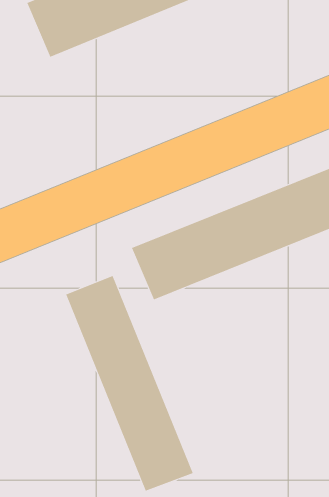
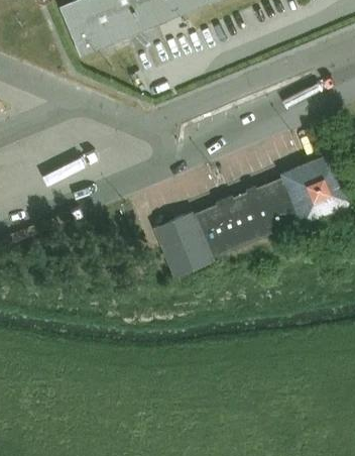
building: [66,275,193,492] -> none

